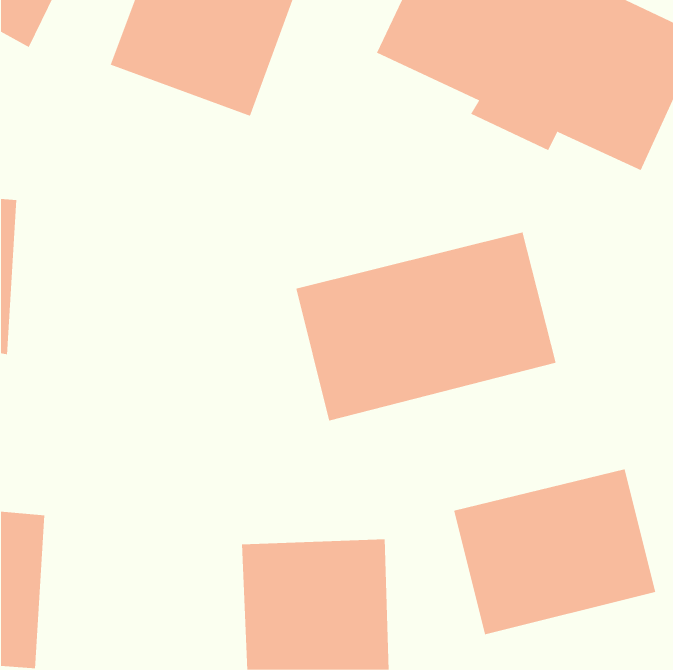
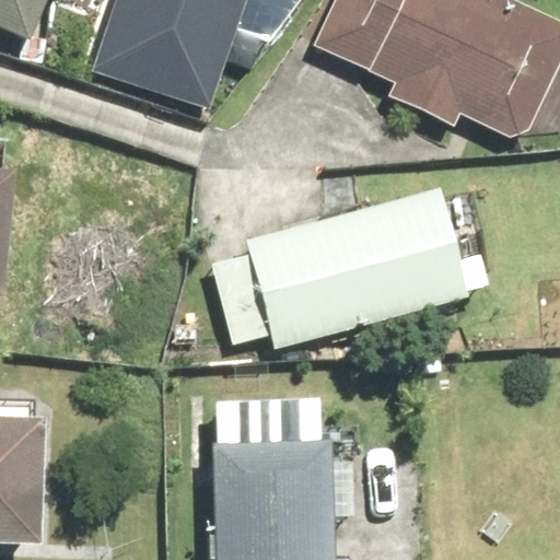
building: [453,468,656,635] -> none

